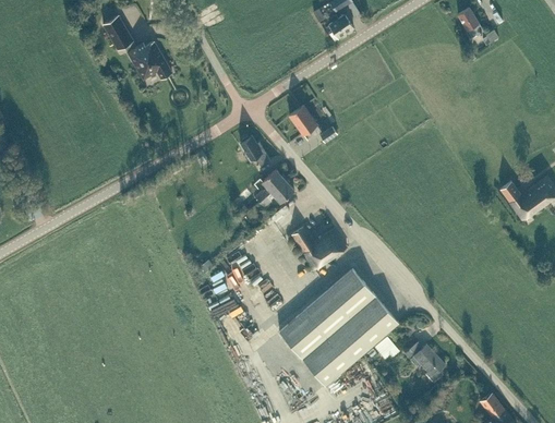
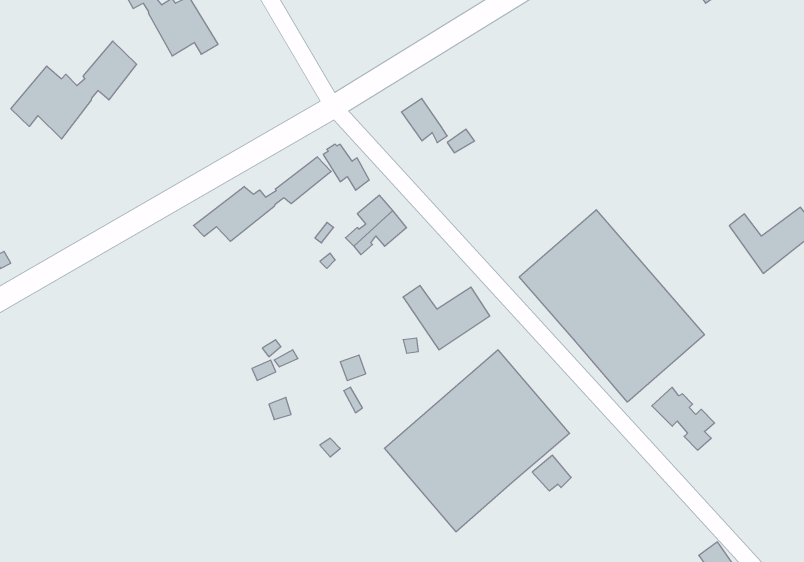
building: none -> [11,41,137,139]
building: none -> [193,157,331,241]
building: none -> [519,210,704,402]
building: [405,341,445,382] -> [652,387,715,450]

